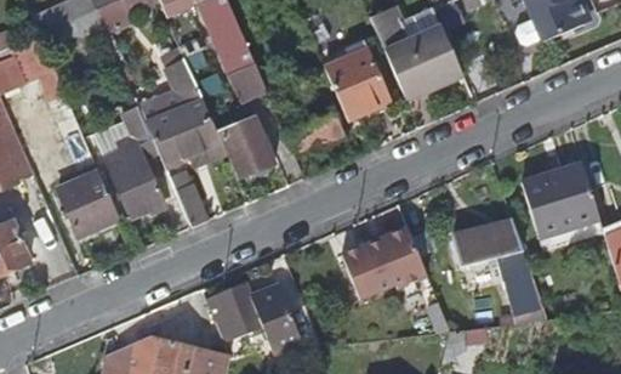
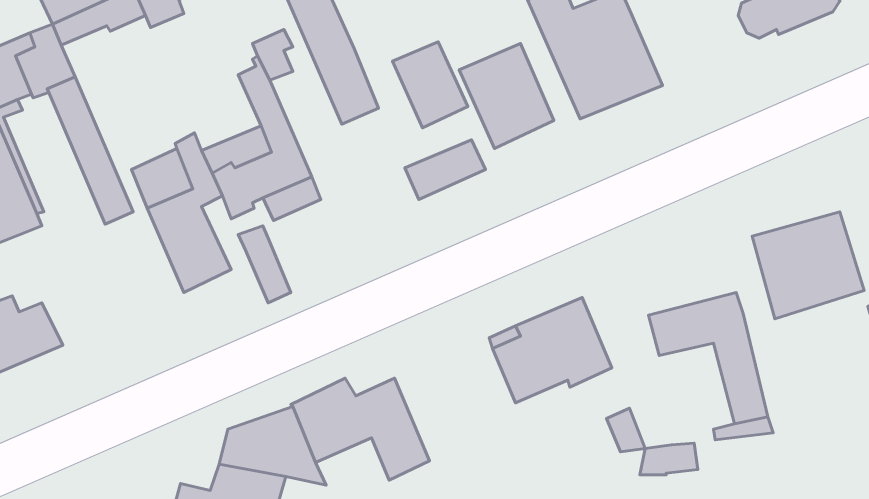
building: [222,115,274,175] -> [393,42,468,128]
building: [62,171,121,236] -> none

